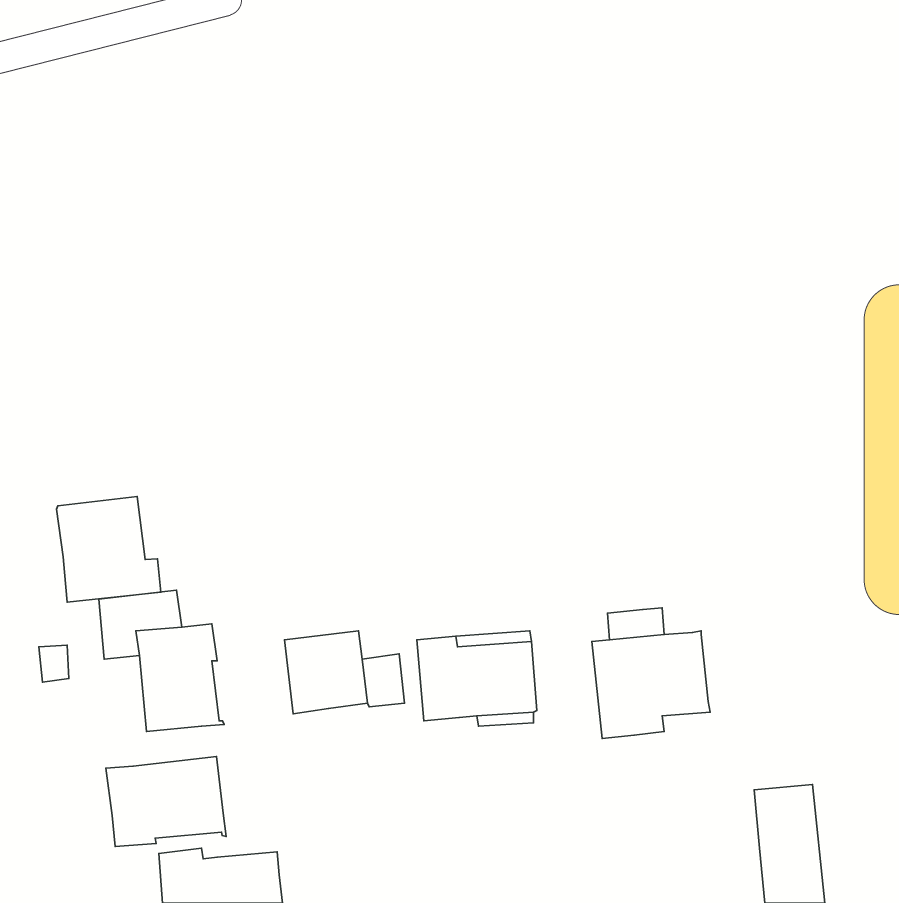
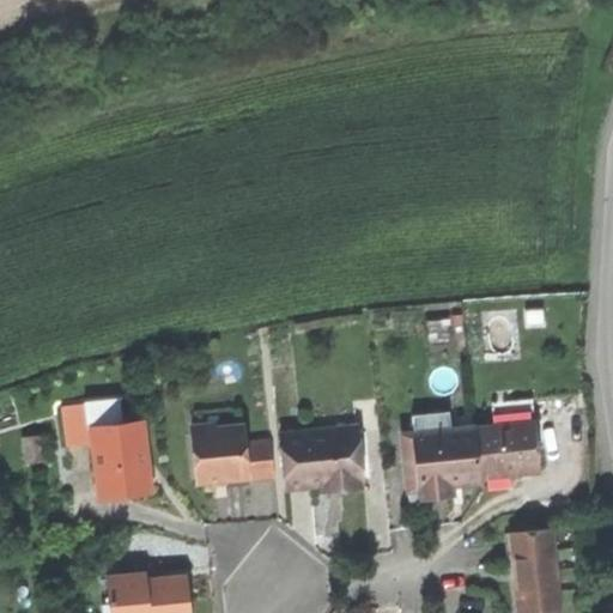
building: [56,497,161,602] -> none
building: none -> [475,424,540,475]
building: [106,756,226,847] -> none

